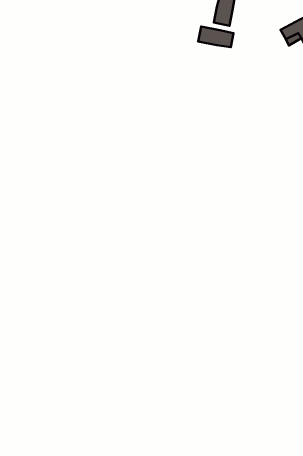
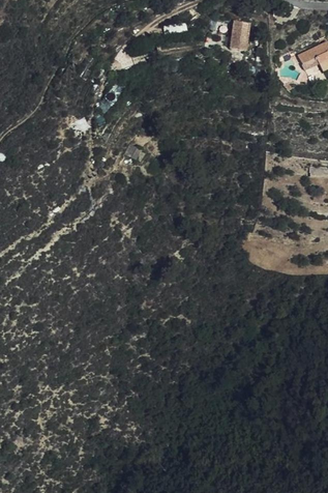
building: [198,26,233,47] -> none

